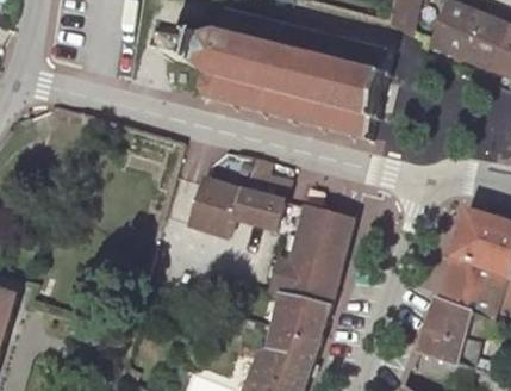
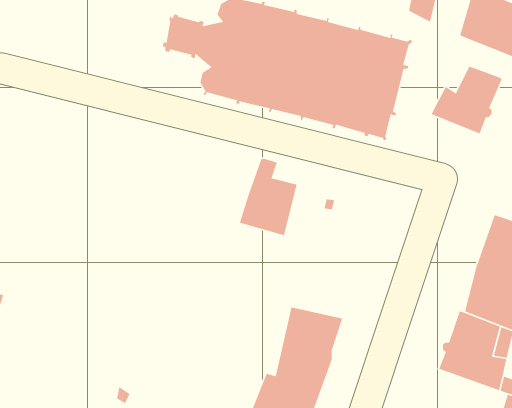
building: none -> [431,65,503,134]
building: [189,179,242,236] -> none
building: [270,206,351,304] -> none

